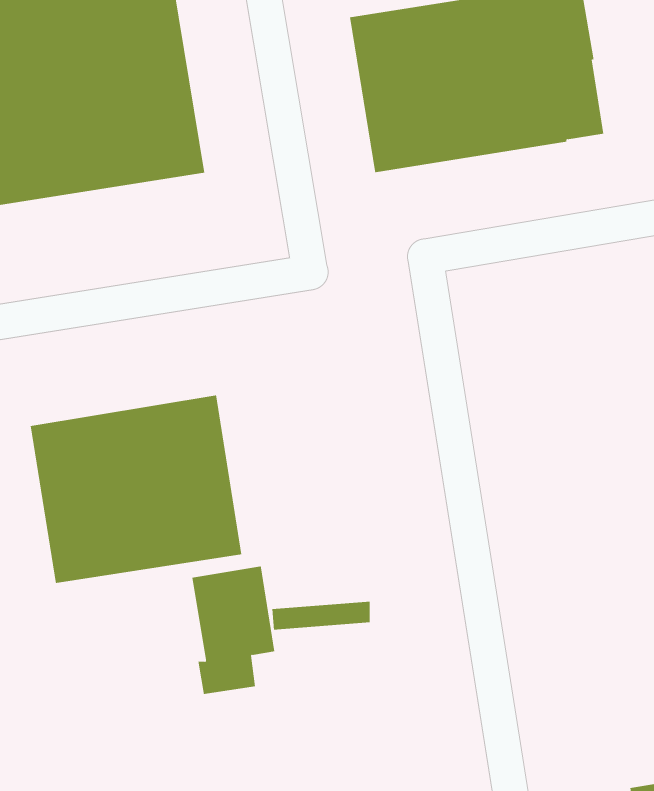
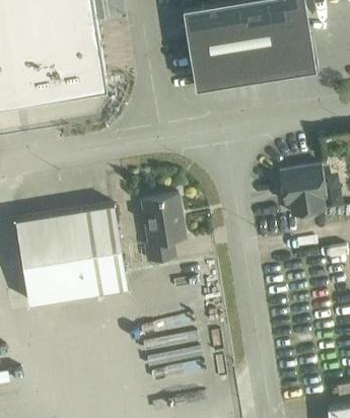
building: none -> [279,167,327,218]
building: [192,566,275,694] -> [142,197,186,264]

